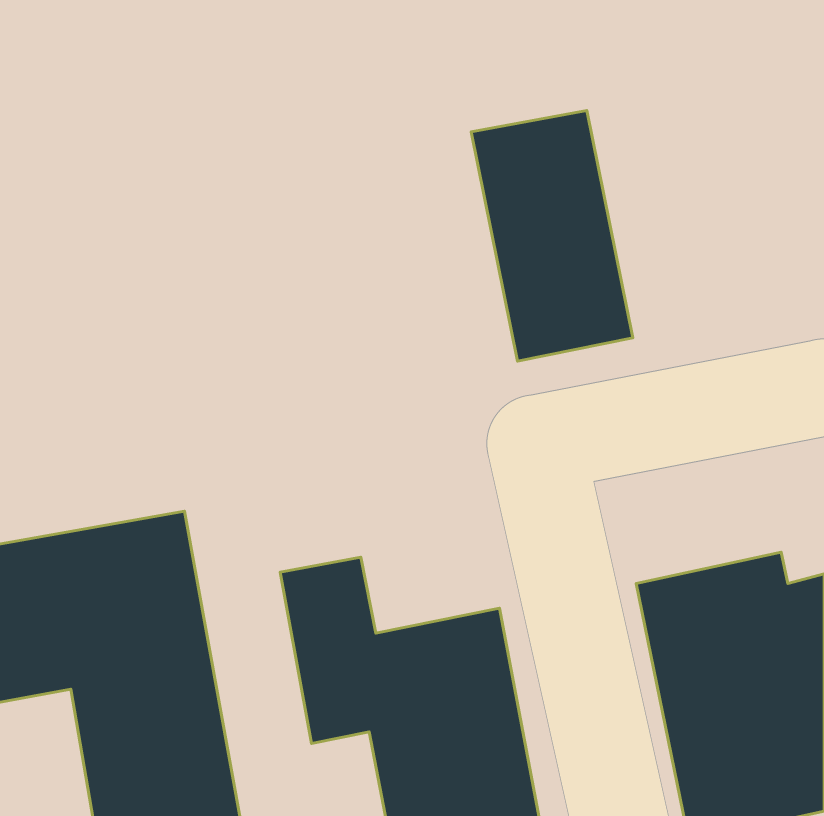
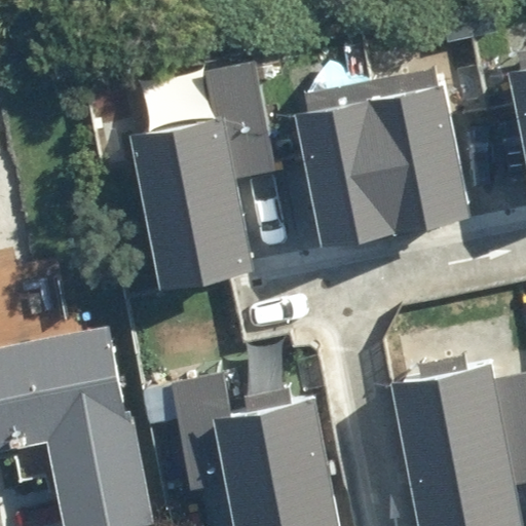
building: none -> [135,65,273,289]
building: none -> [366,69,465,227]

